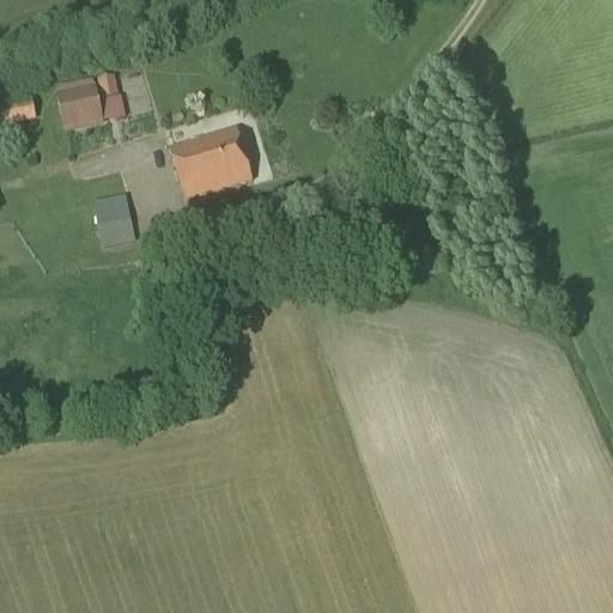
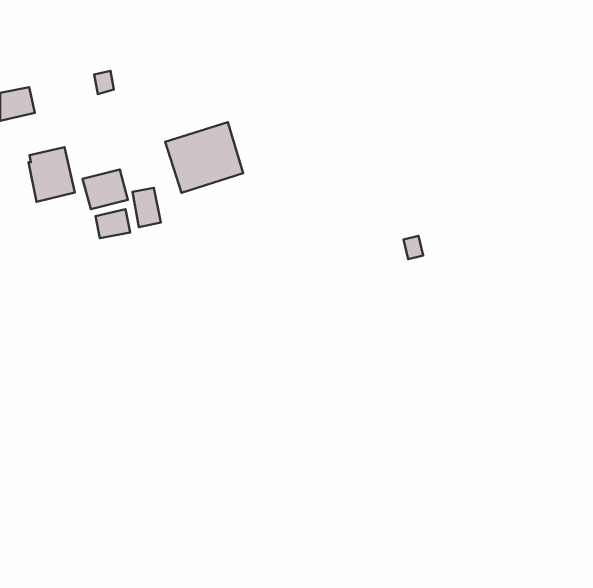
building: [56,75,104,132] -> [28,147,75,202]
building: none -> [133,188,161,227]

